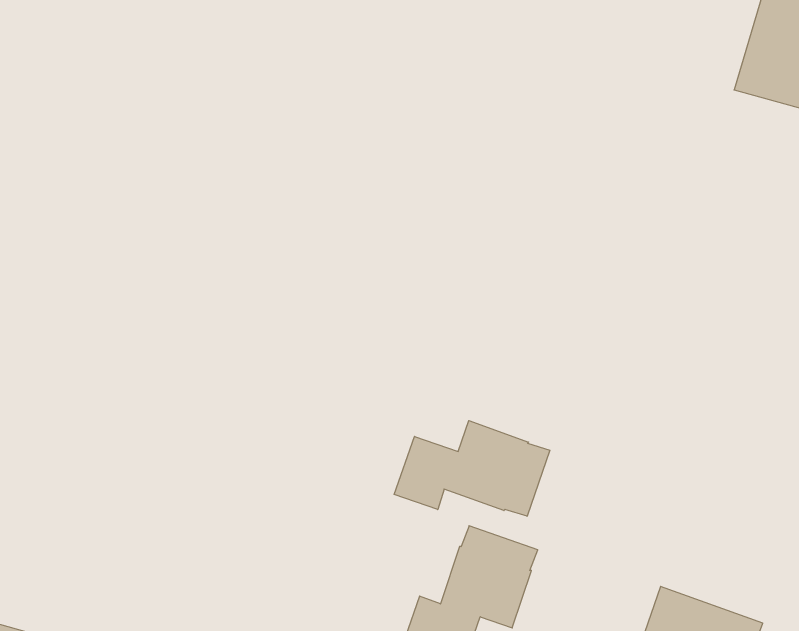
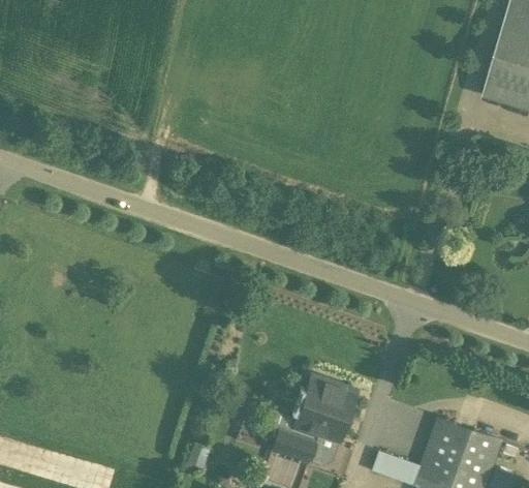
building: [394,421,550,516] -> none

